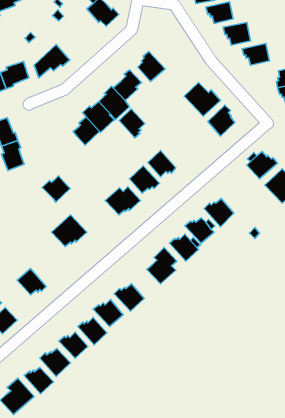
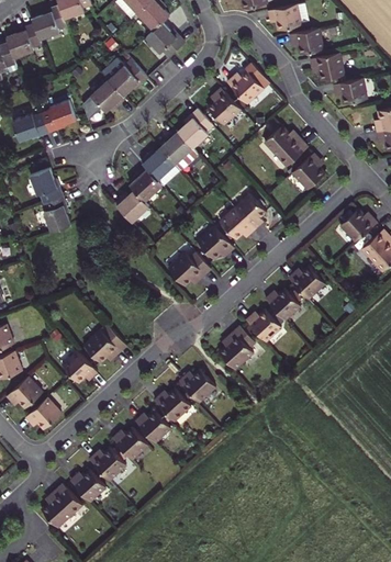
building: none -> [102,58,147,95]
building: none -> [226,63,269,103]
building: [119,109,145,138] -> [235,193,266,228]
building: [42,176,70,202] -> [114,190,148,222]
building: [51,215,87,247] -> [83,324,126,362]

